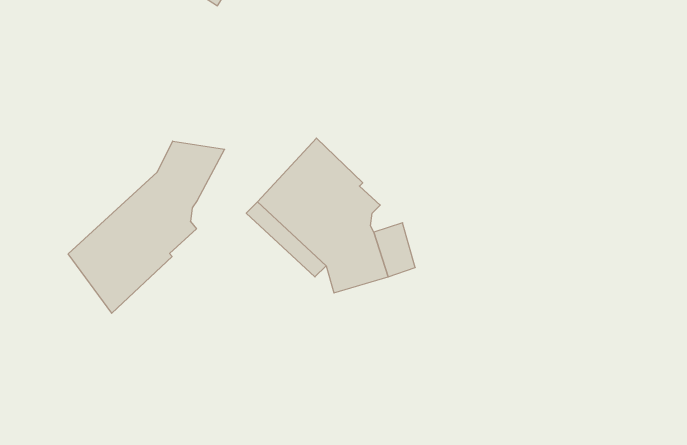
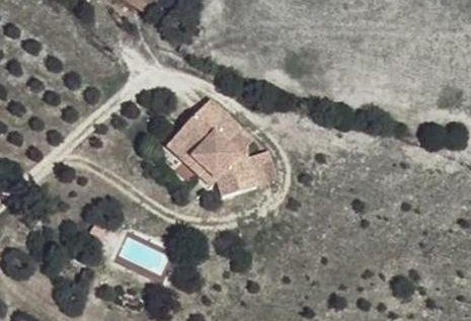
building: [68,141,225,313] -> none

